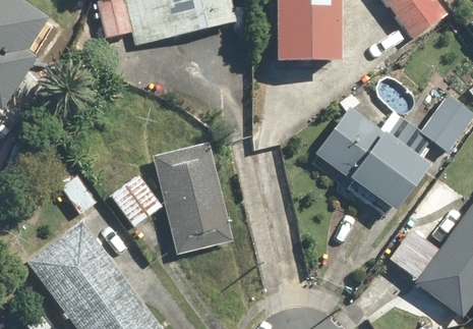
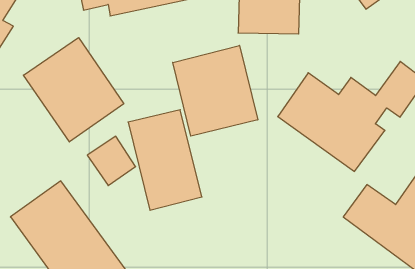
building: none -> [23,38,124,142]
building: none -> [173,45,258,136]

